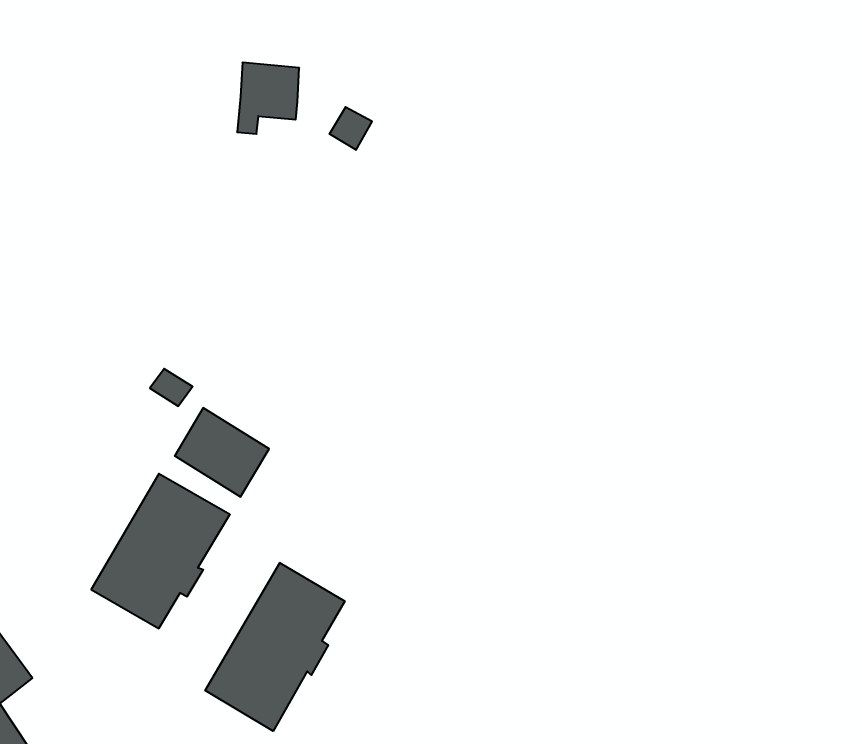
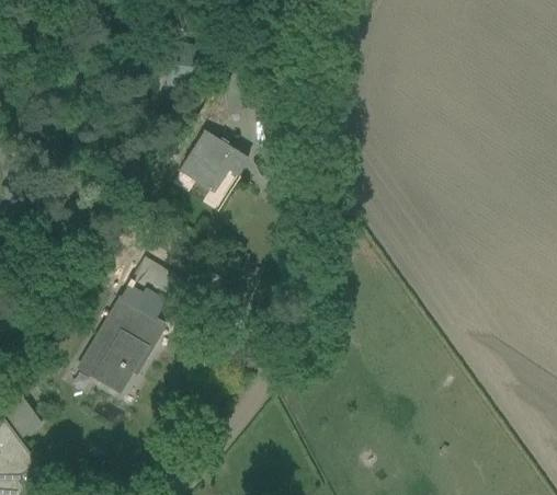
building: none -> [178,130,248,193]
building: [205,563,345,731] -> none

